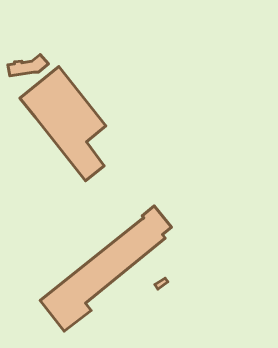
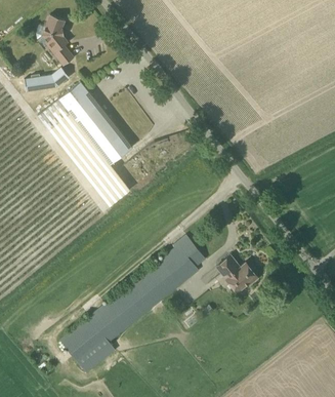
building: none -> [41,14,74,67]
building: none -> [218,255,258,291]

